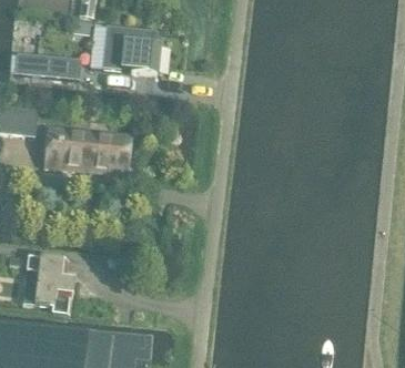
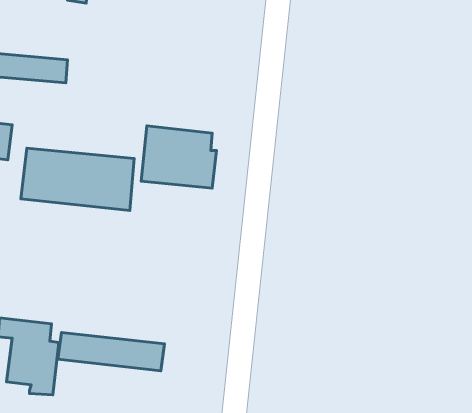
building: [103,25,161,73] -> [141,126,217,188]
building: none -> [58,332,164,371]

